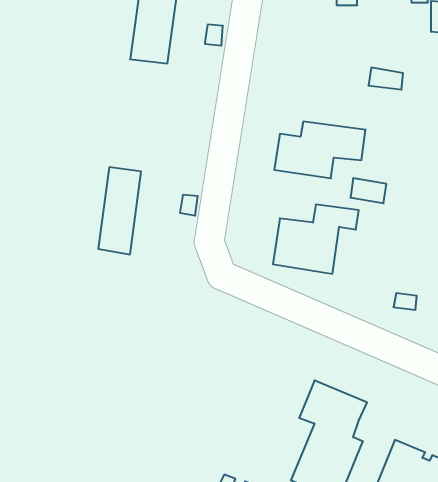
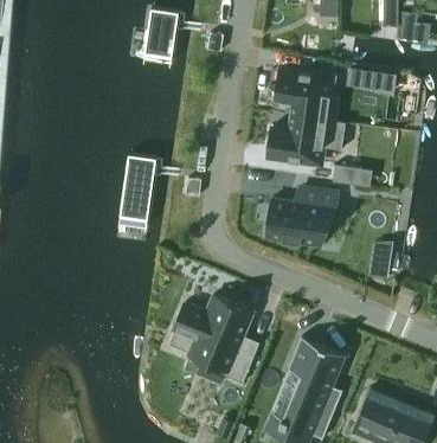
building: none -> [274,68,343,122]
building: none -> [172,295,252,383]

